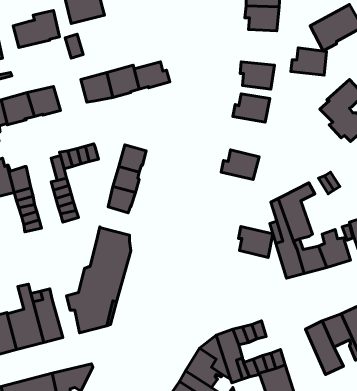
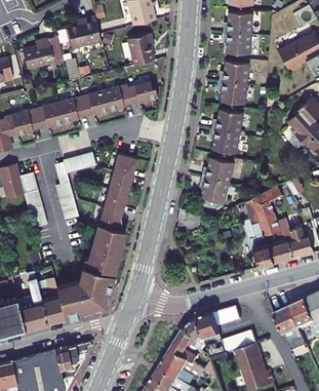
building: none -> [126,33,153,65]
building: [291,48,327,75] -> [218,61,249,84]
building: none -> [56,96,85,123]
building: none -> [209,128,239,154]
building: none -> [98,206,122,231]
building: [238,227,273,258] -> [199,177,229,203]
building: none -> [55,283,79,319]

